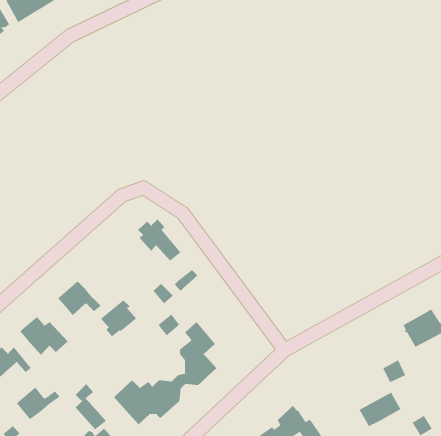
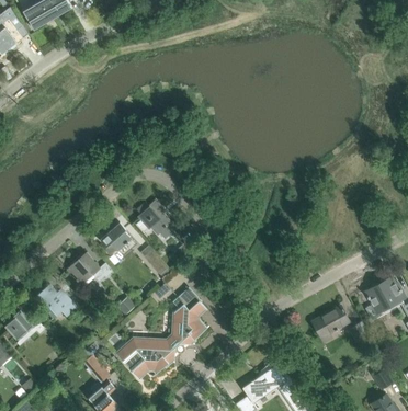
building: [100,299,137,337] -> [100,222,132,255]
building: [16,387,60,420] -> none
building: [358,392,402,427] -> [313,306,350,336]

